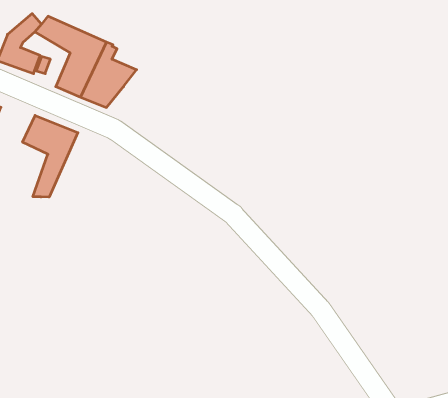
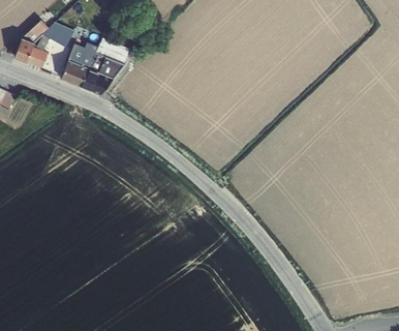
building: [23,115,78,197] -> none

